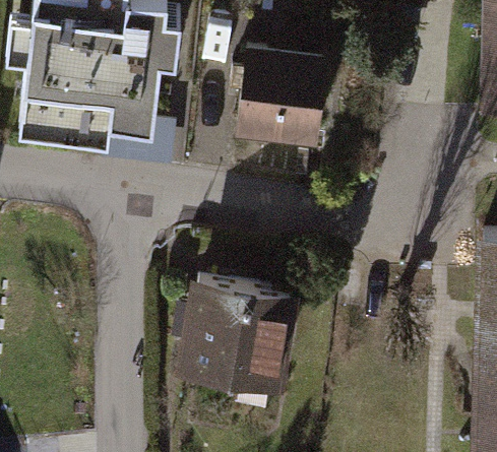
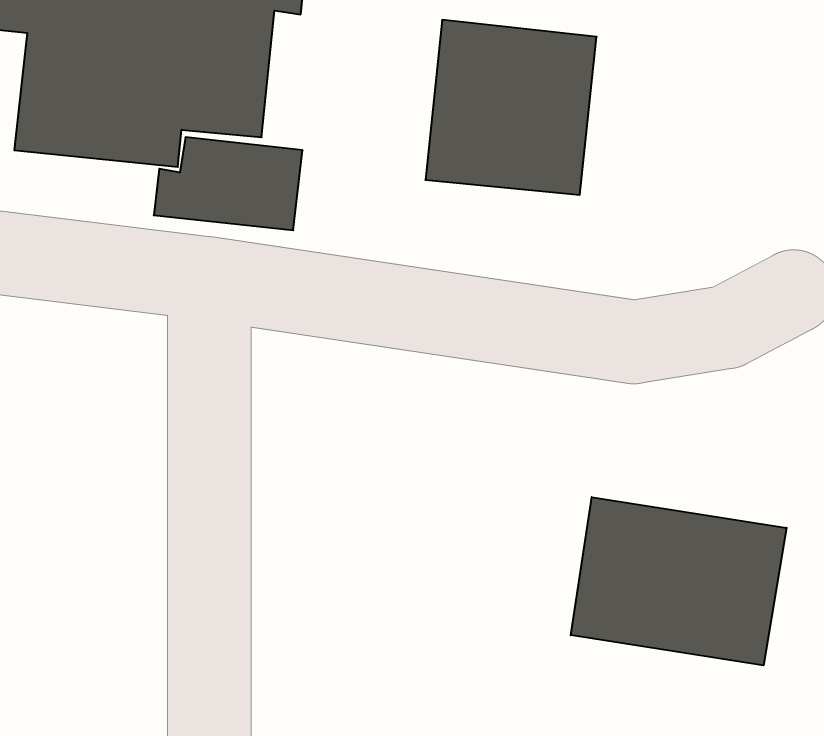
building: [185,278,304,390] -> none
building: none -> [571,497,787,665]

